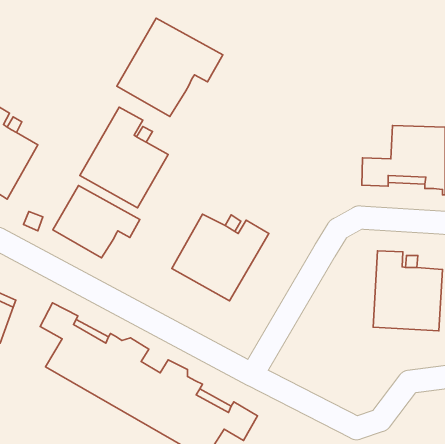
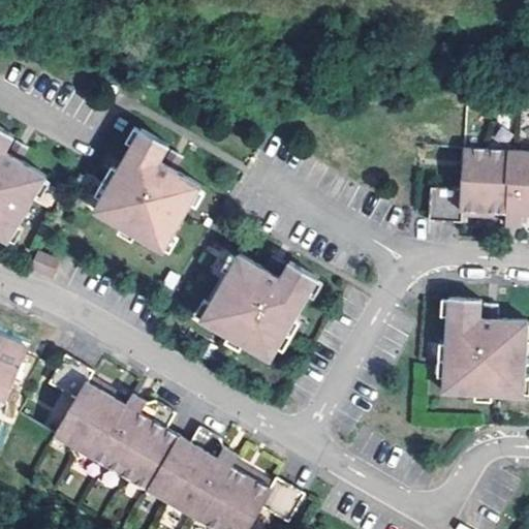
building: [117,18,223,116] -> none
building: [53,185,140,258] -> none

